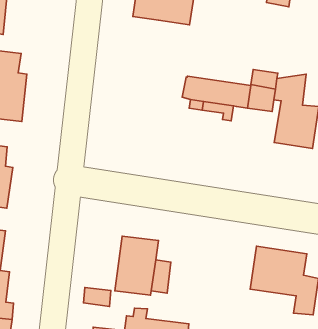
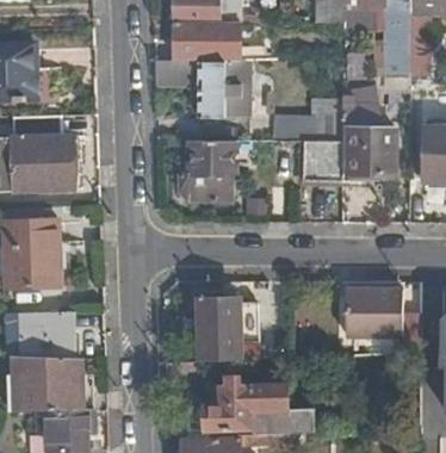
building: none -> [154,60,243,117]
building: none -> [178,139,233,199]
building: none -> [302,141,341,180]

